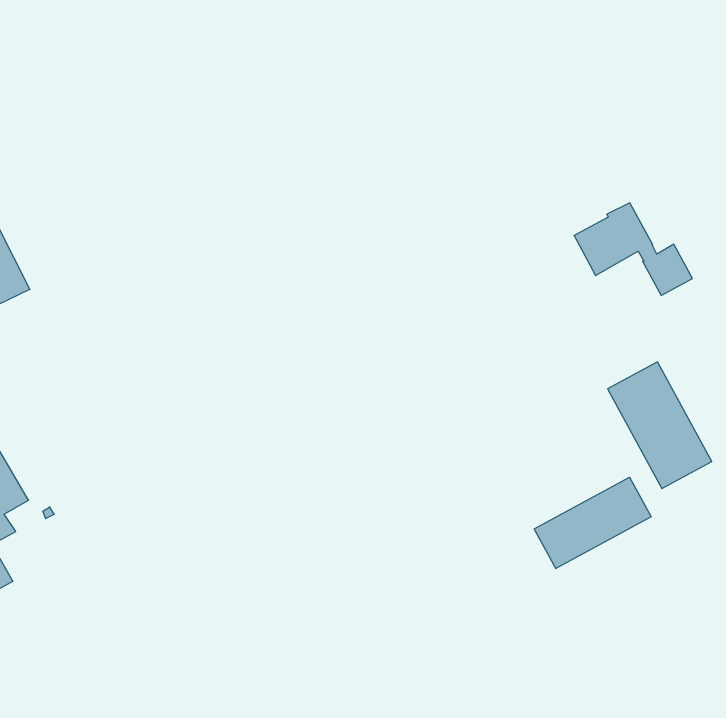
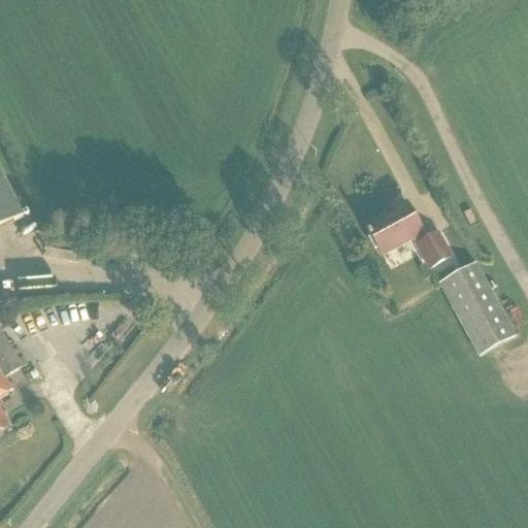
building: [574,203,692,295] -> [366,200,452,267]
building: [534,477,651,569] -> none

